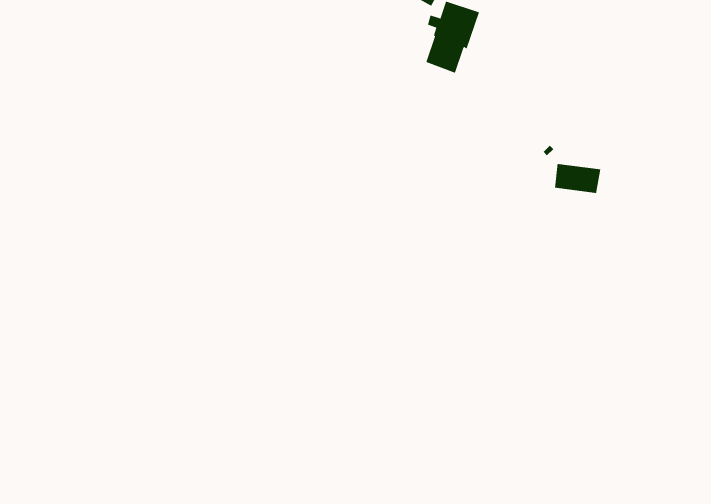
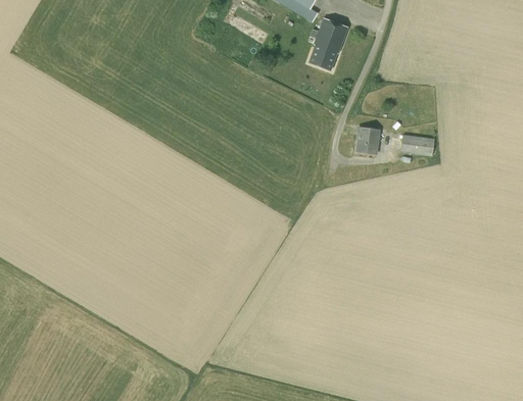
building: none -> [358,128,380,153]

